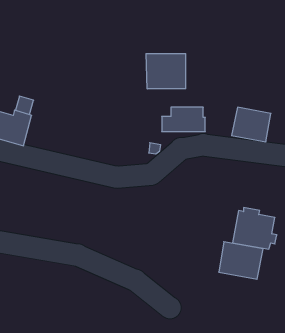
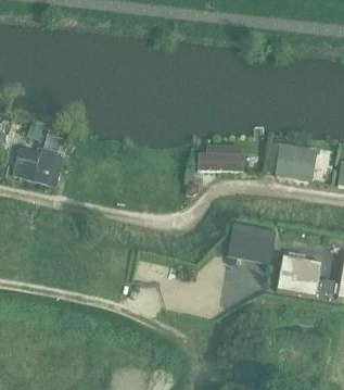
building: [146,54,186,89] -> none
building: [219,242,263,279] -> [228,224,276,264]

